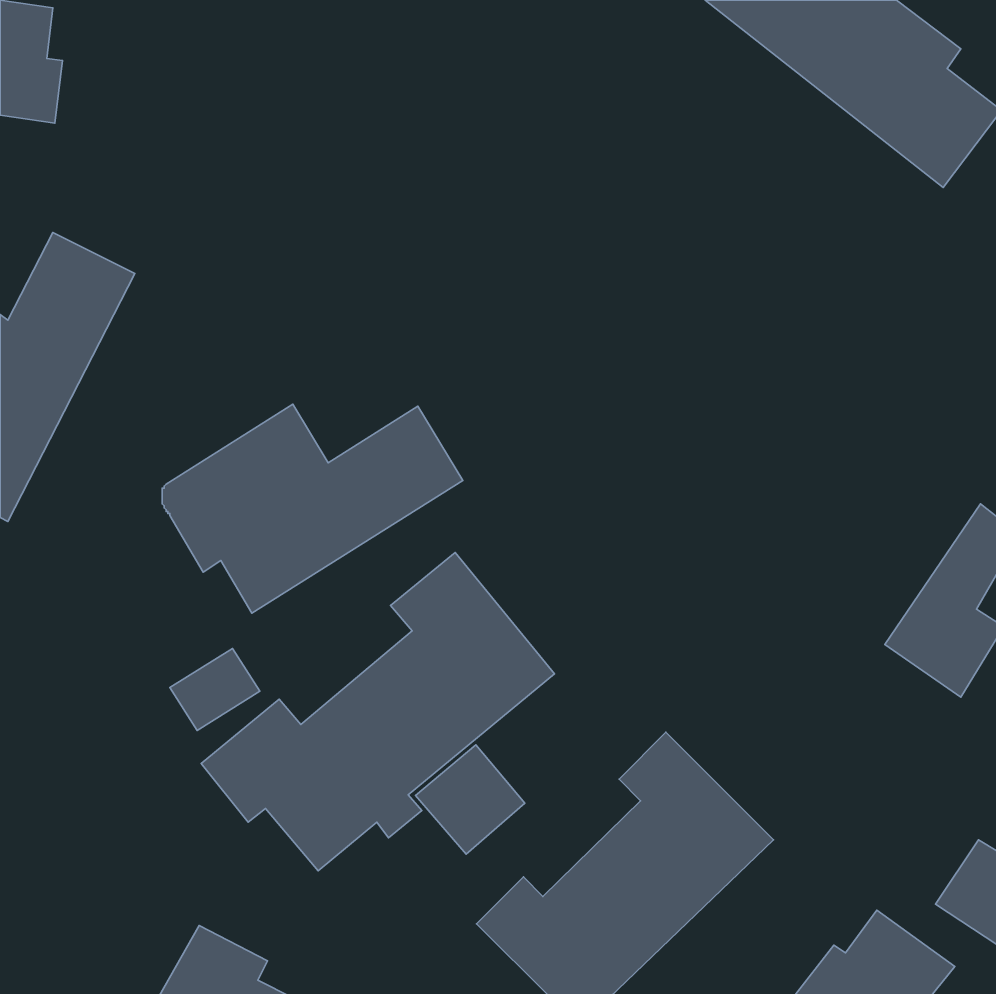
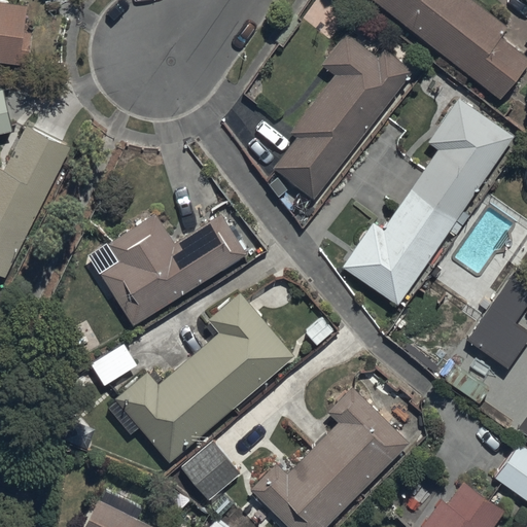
building: none -> [275,34,415,198]
building: none -> [343,100,514,305]
building: [415,745,525,854] -> [180,444,238,501]

